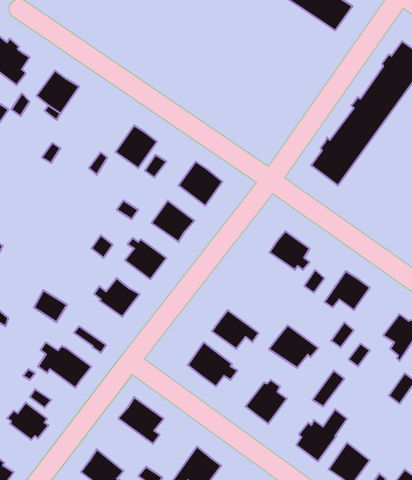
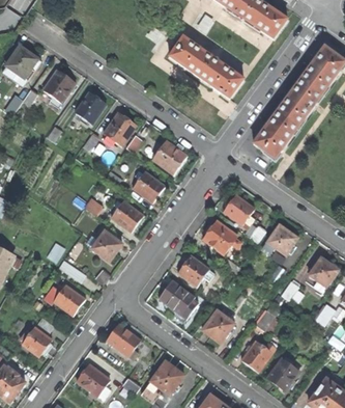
building: none -> [170,38,242,99]
building: none -> [74,91,105,124]
building: [269,325,318,368] -> [201,220,239,253]

